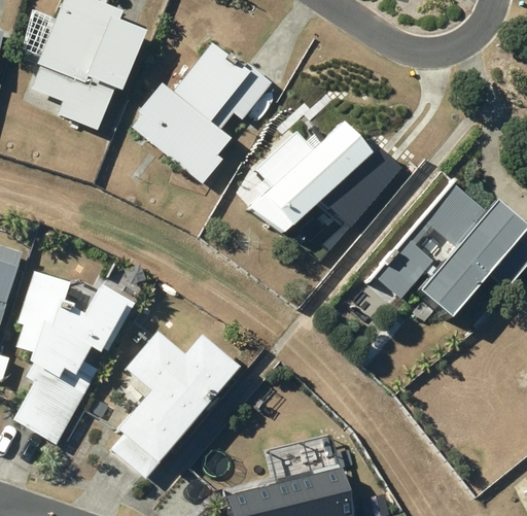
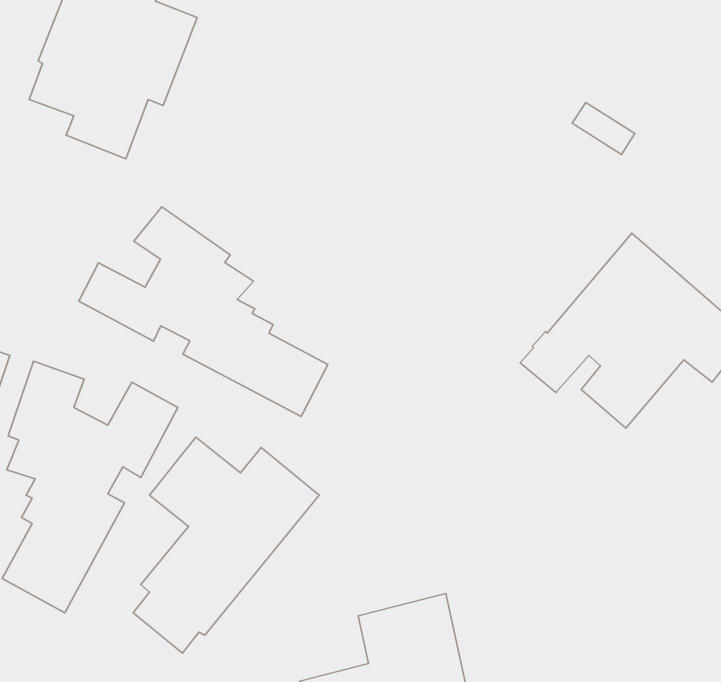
building: [134,43,274,184] -> none
building: [238,113,387,222] -> none
building: none -> [79,207,328,417]

